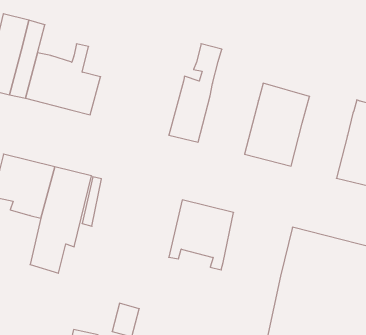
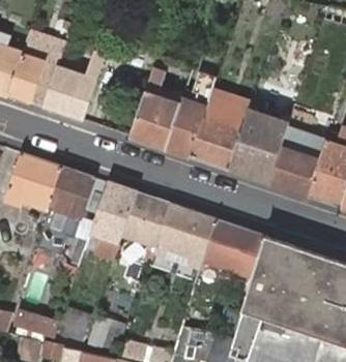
building: none -> [131,68,189,148]
building: none -> [190,88,253,170]
building: none -> [268,114,326,197]
building: none -> [91,183,138,261]
building: none -> [136,198,172,264]
building: none -> [203,219,265,277]

